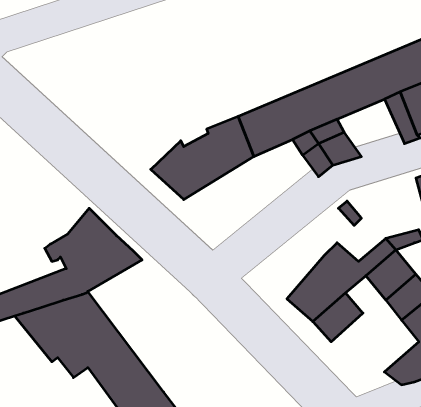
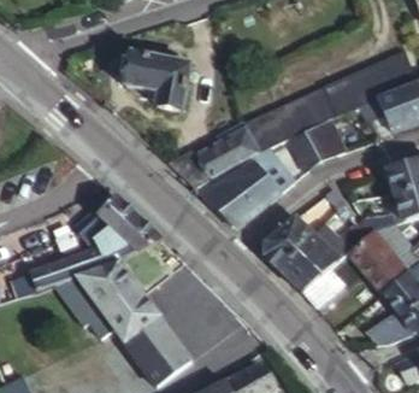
building: none -> [126,55,194,115]
building: none -> [203,153,295,224]
building: none -> [265,219,313,271]

